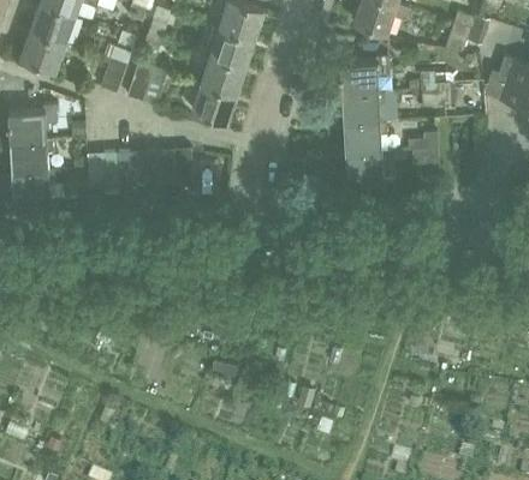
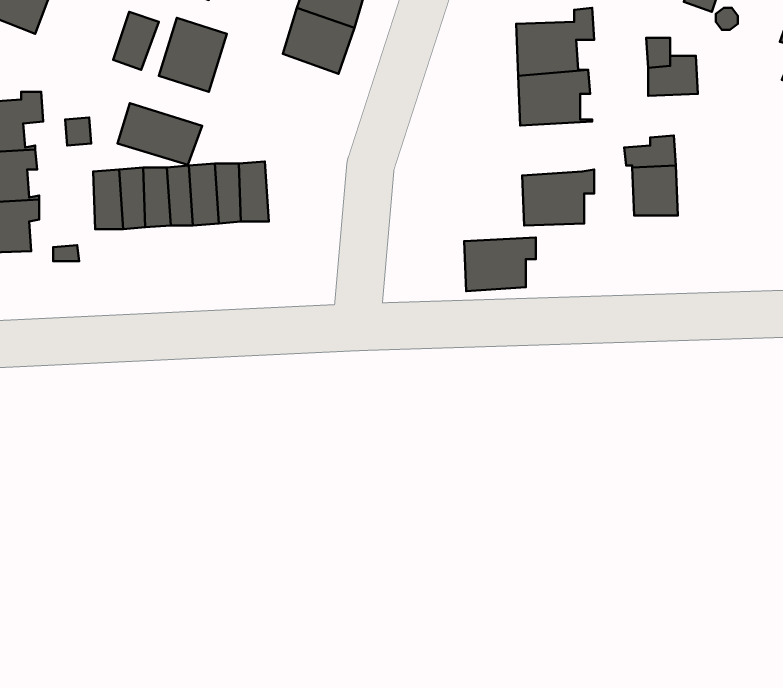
building: [192,82,236,122] -> none
building: none -> [117,103,202,165]
building: [345,122,388,155] -> [464,237,536,291]

